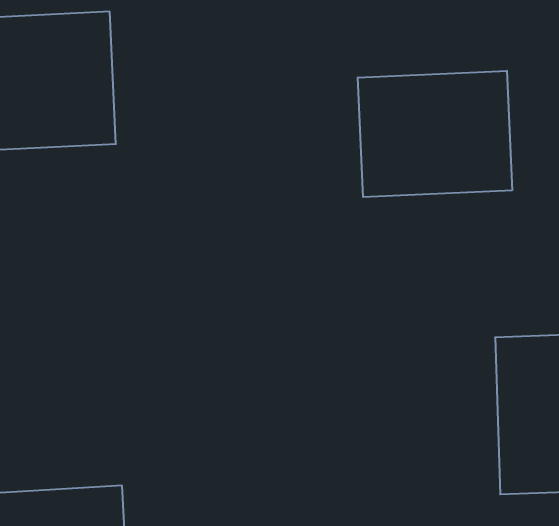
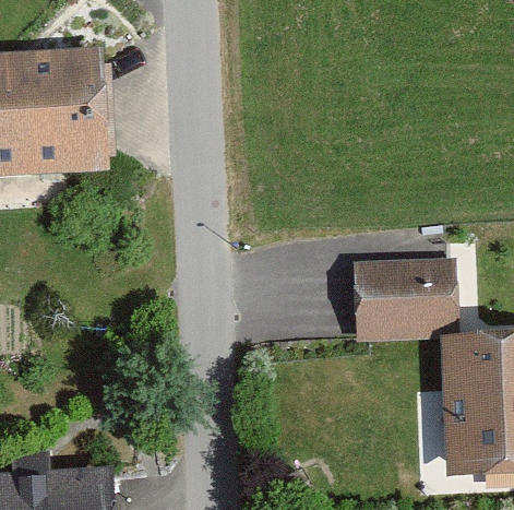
building: [358,71,512,197] -> none
building: none -> [355,261,458,329]

